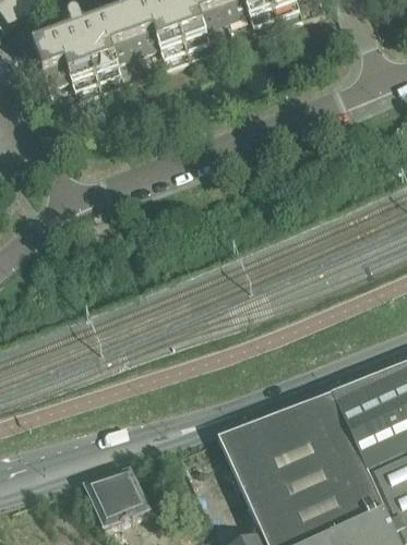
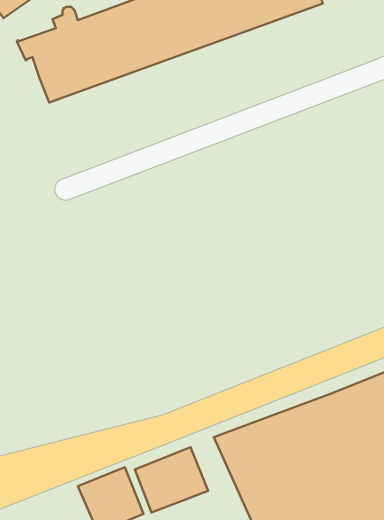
building: none -> [135,447,208,513]

